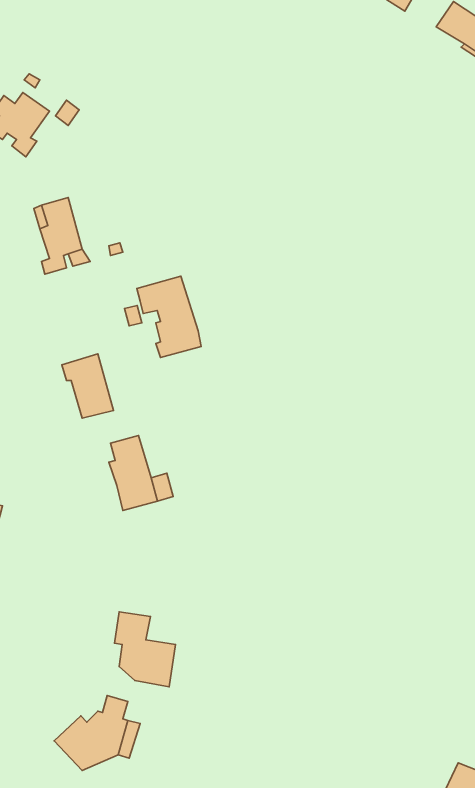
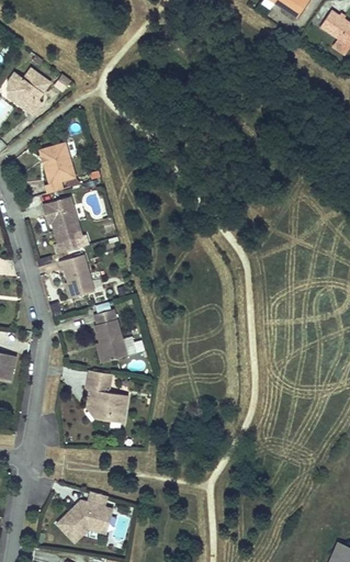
building: [137,276,201,357] -> [42,196,87,254]
building: [114,612,175,687] -> [83,371,126,424]

